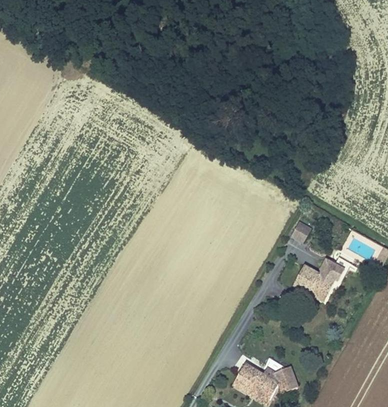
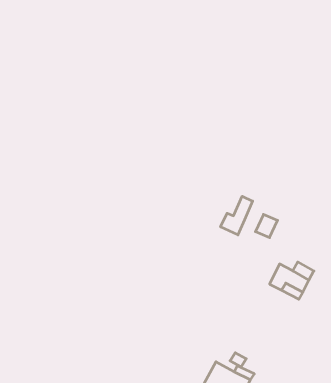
building: none -> [221,196,253,235]

